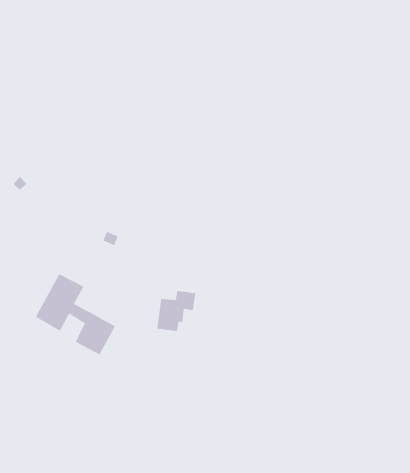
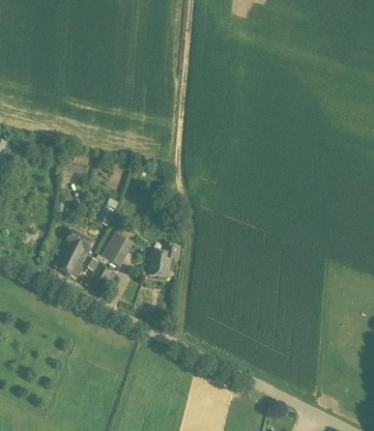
building: none -> [100,232,133,266]

